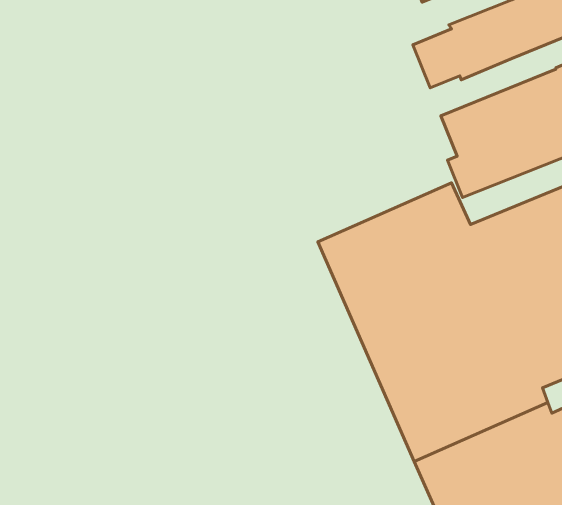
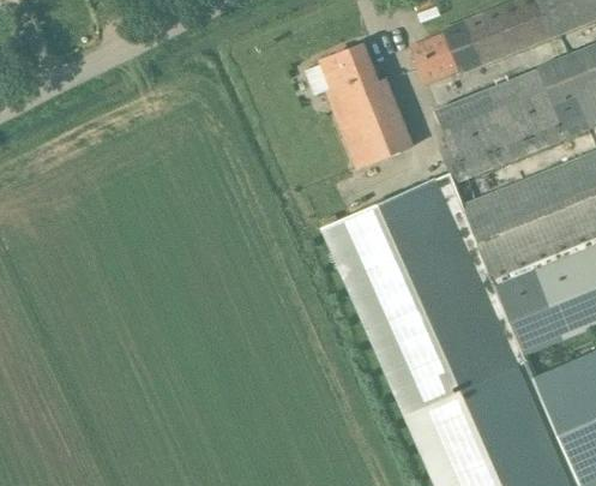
building: none -> [307,41,416,168]

